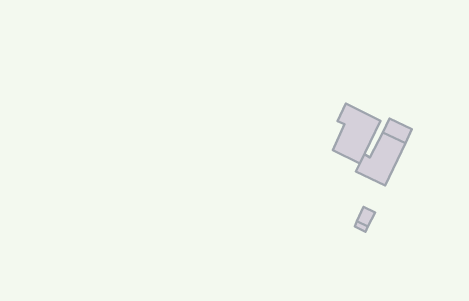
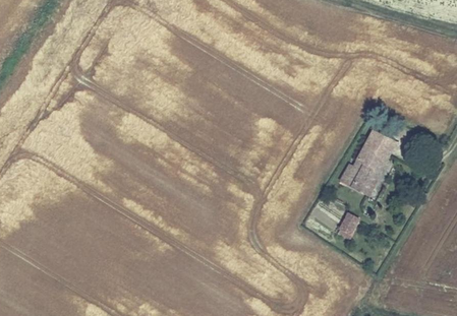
building: [333,104,381,163] -> none

